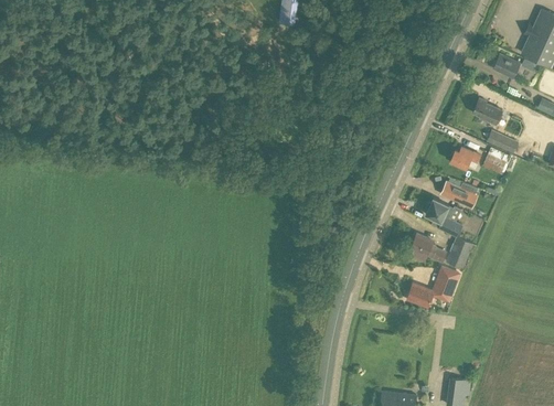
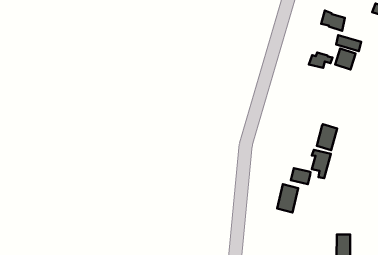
building: [440,177,478,207] -> none
building: [424,196,462,236] -> none
building: [409,233,446,260] -> none
building: none -> [277,184,298,212]

